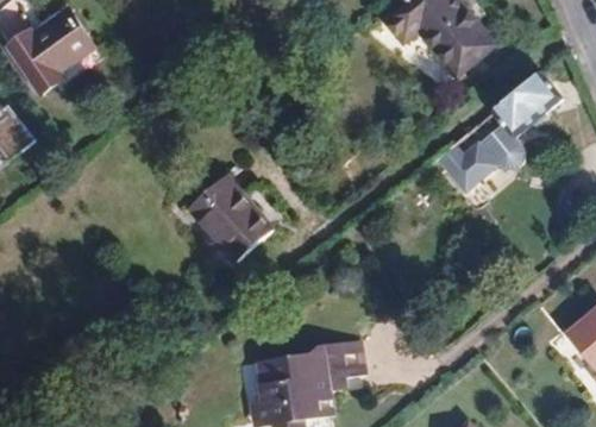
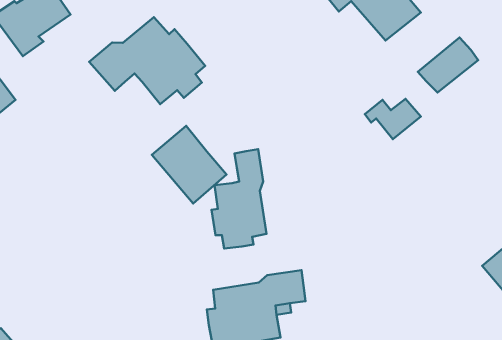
building: none -> [89,17,205,104]
building: [478,123,525,169] -> none
building: none -> [211,149,266,249]

